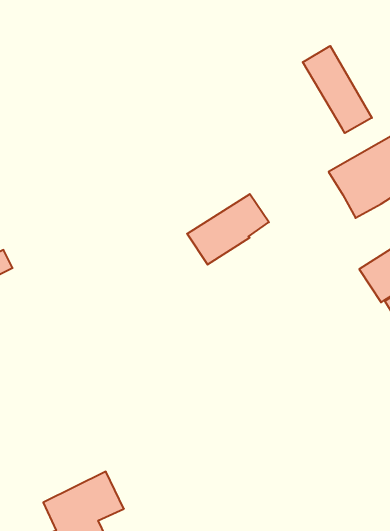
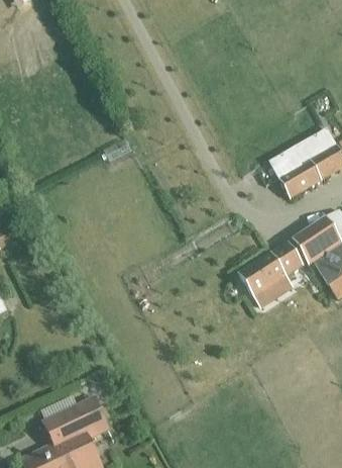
building: [303,46,372,133] -> none
building: [187,194,269,265] -> [238,243,303,298]

